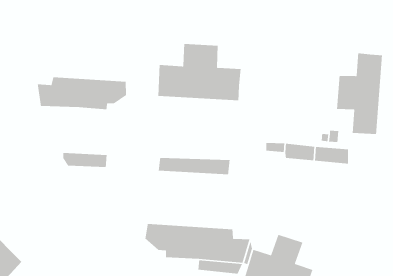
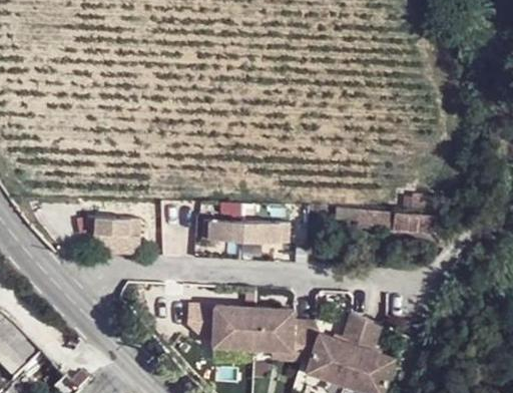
building: [158,43,242,101] -> none
building: [336,52,383,135] -> none
building: [37,77,127,110] -> none

